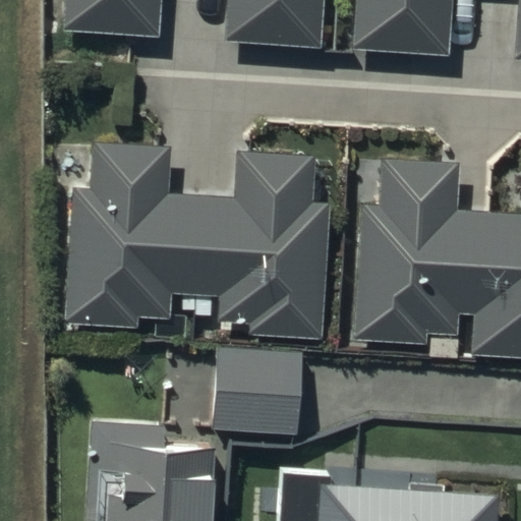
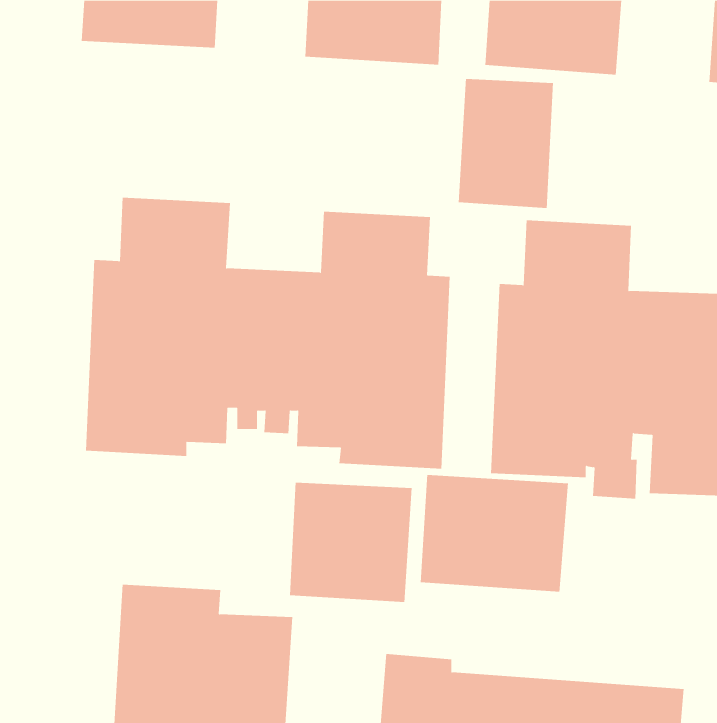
building: none -> [458,78,553,209]
building: none -> [420,474,568,593]

